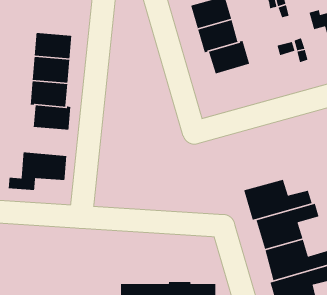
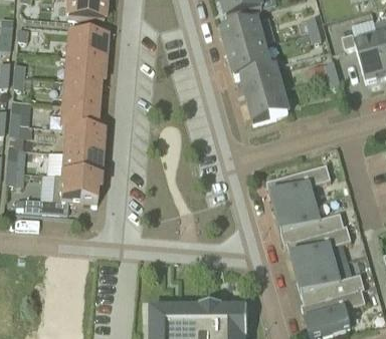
building: none -> [67,30,106,58]
building: none -> [247,87,288,121]
building: none -> [62,150,101,178]
building: none -> [267,163,332,213]

